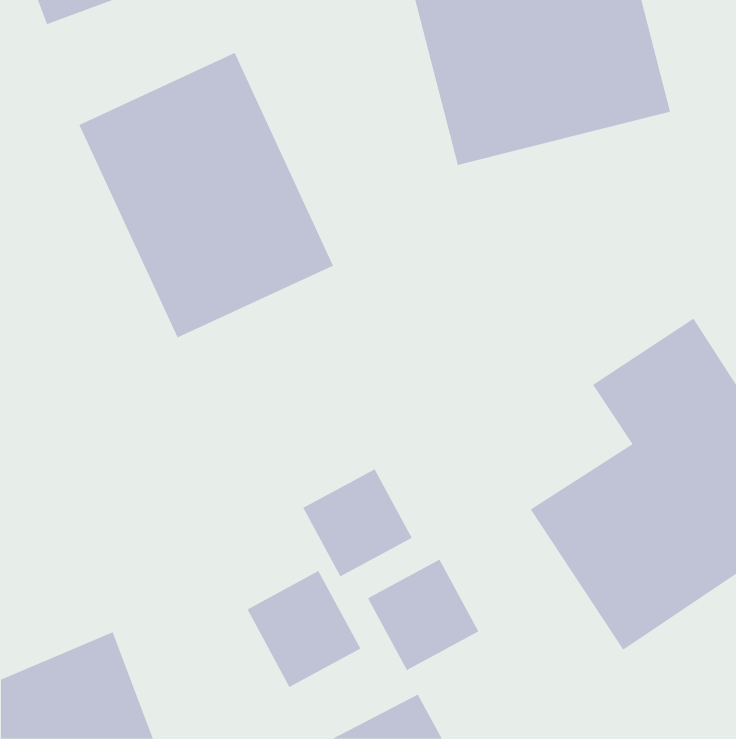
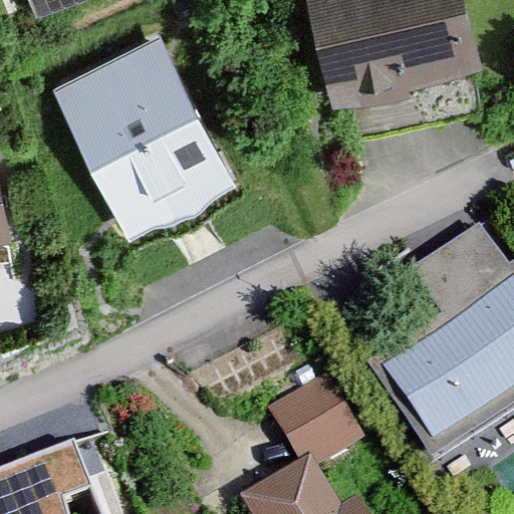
building: [302,468,412,577] -> none
building: [247,570,361,688] -> none

